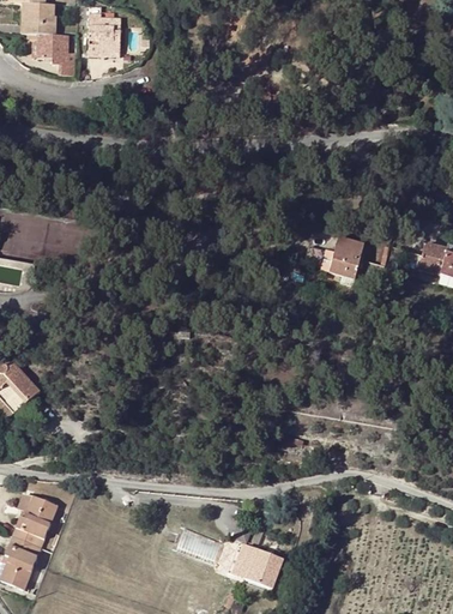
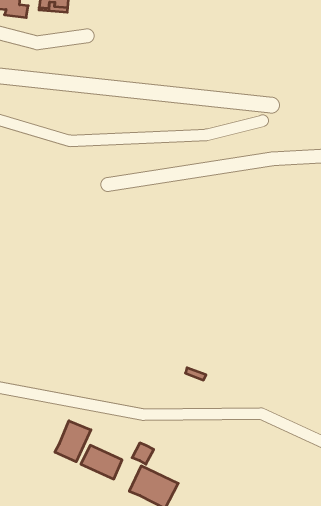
building: [304,236,363,277] -> none
building: none -> [55,421,91,462]

